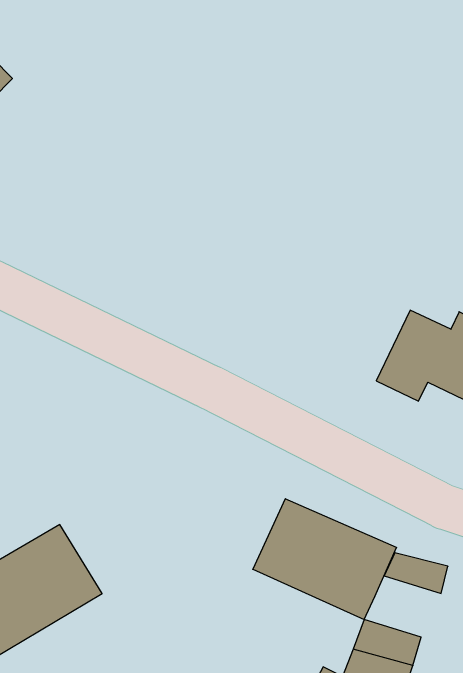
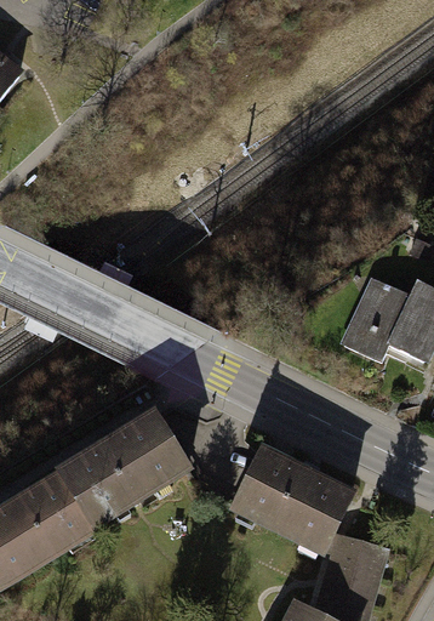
building: none -> [57,412,192,532]
building: [384,553,448,593] -> [329,535,386,571]

